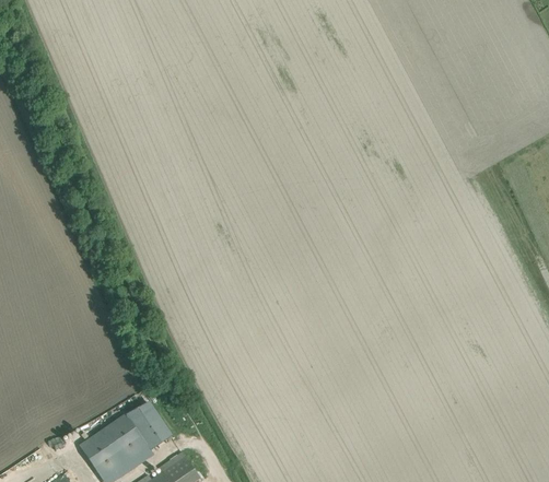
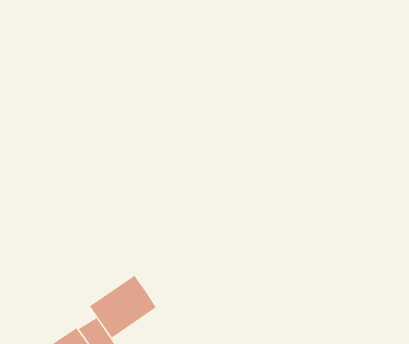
building: none -> [89,275,157,339]

